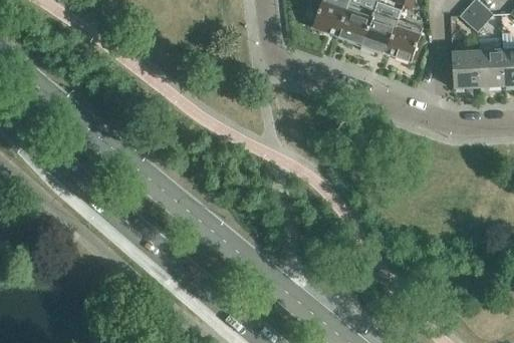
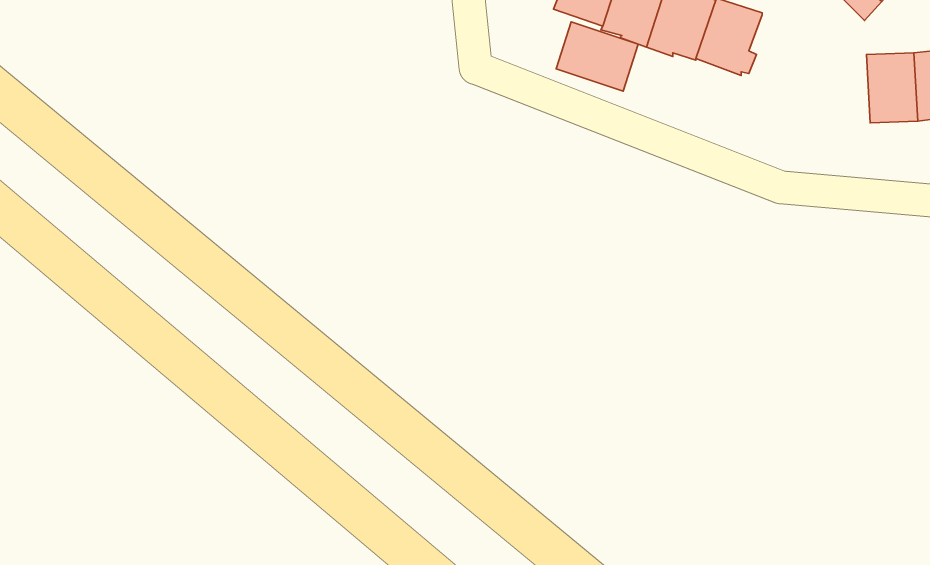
building: none -> [556,22,638,91]
building: [452,50,480,88] -> none

